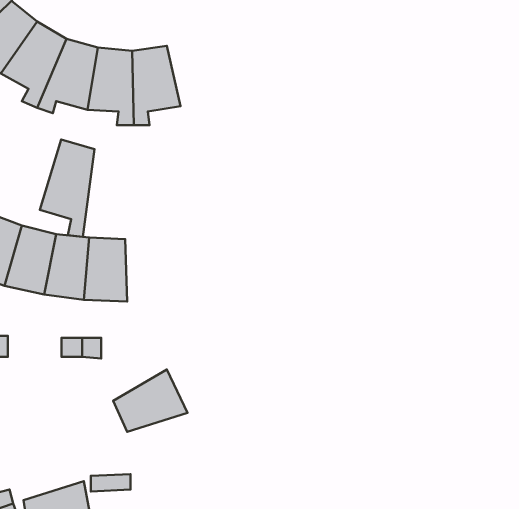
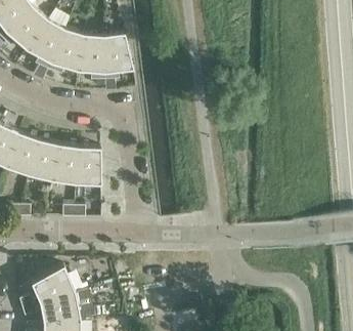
building: [40,140,94,237] -> none
building: [113,370,188,432] -> [31,266,75,303]

